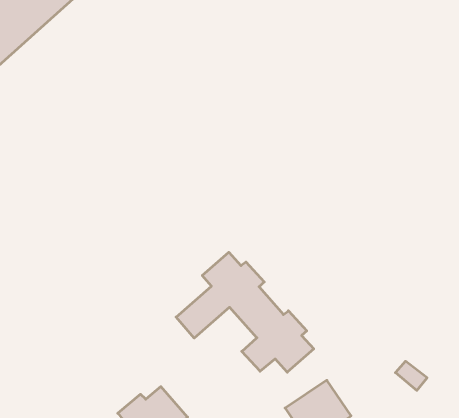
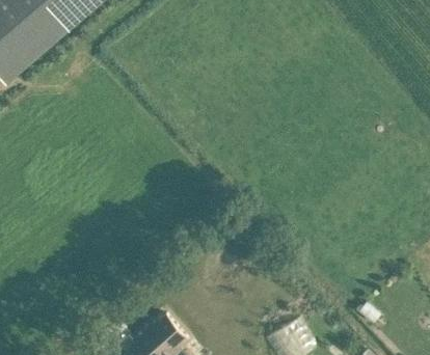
building: [176,252,314,372] -> none

